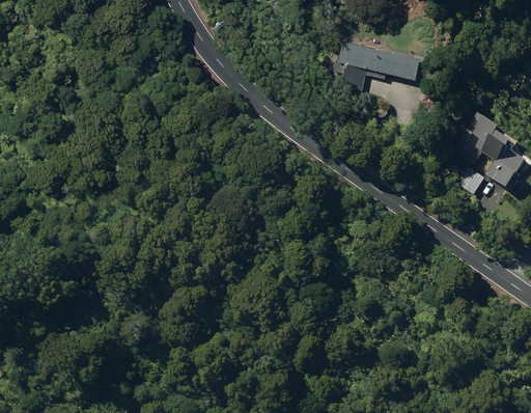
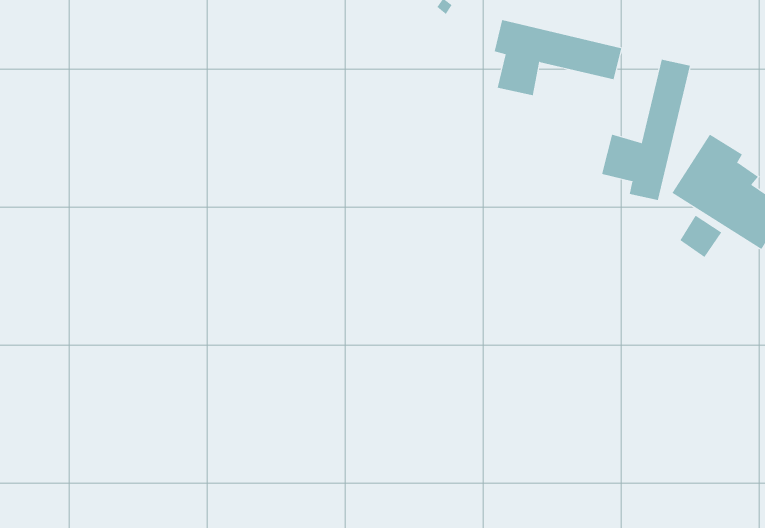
building: none -> [602,59,690,201]

